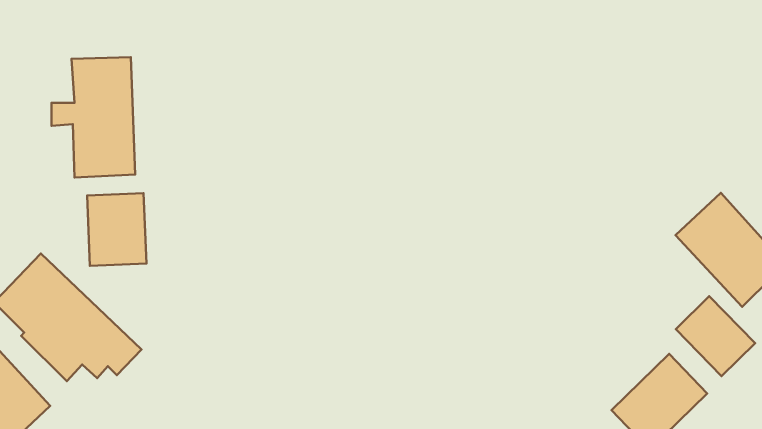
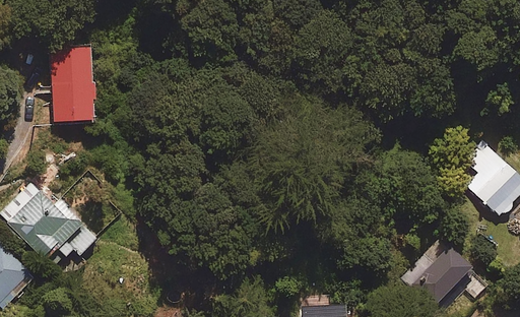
building: [87,193,146,266] -> none
building: [676,296,755,376] -> none

